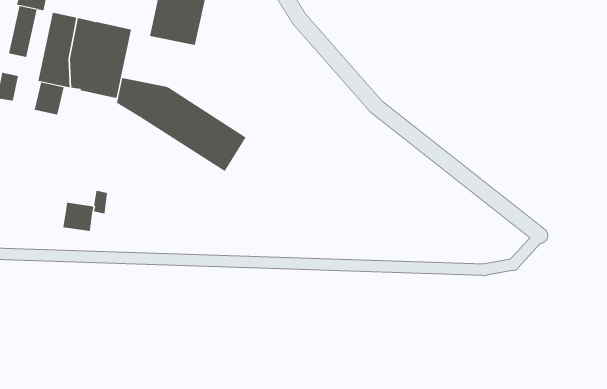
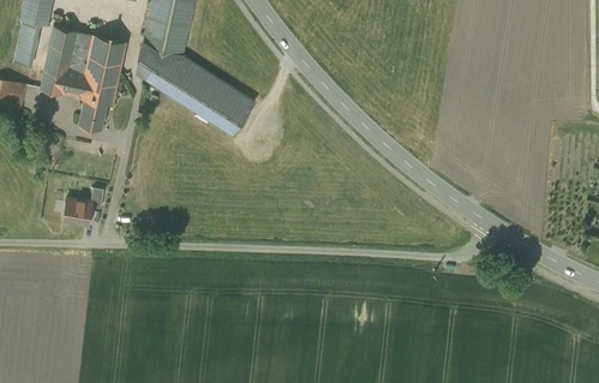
building: [116,78,247,172] -> [137,49,254,134]
building: [34,82,64,115] -> [79,100,107,130]

